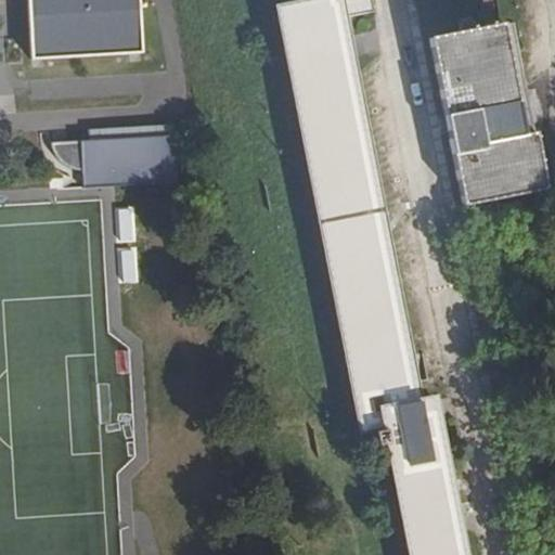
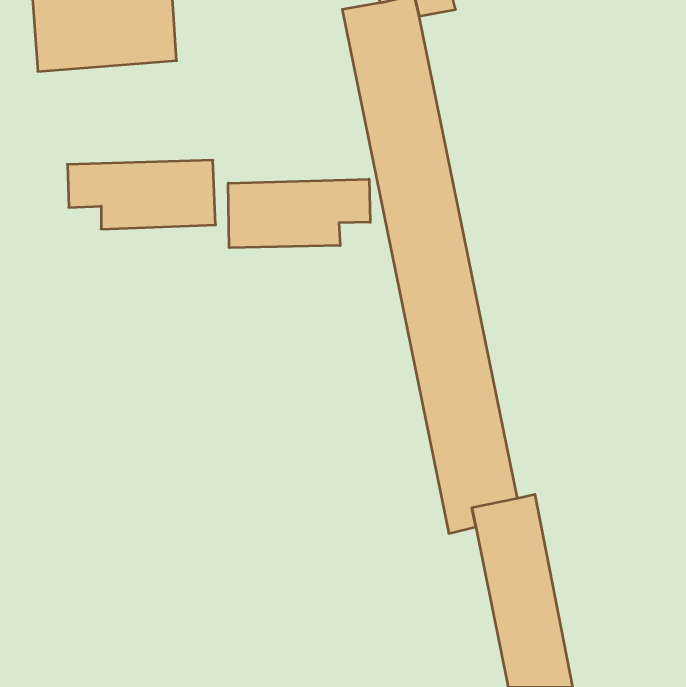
building: [430,22,548,205] -> none
building: none -> [228,179,370,248]

